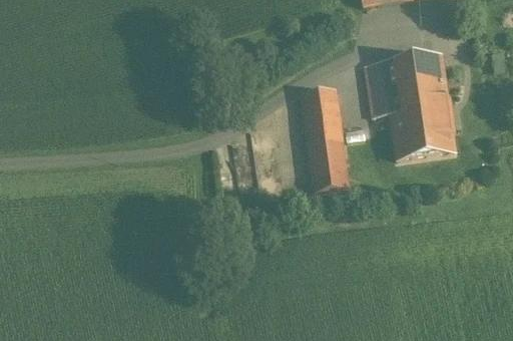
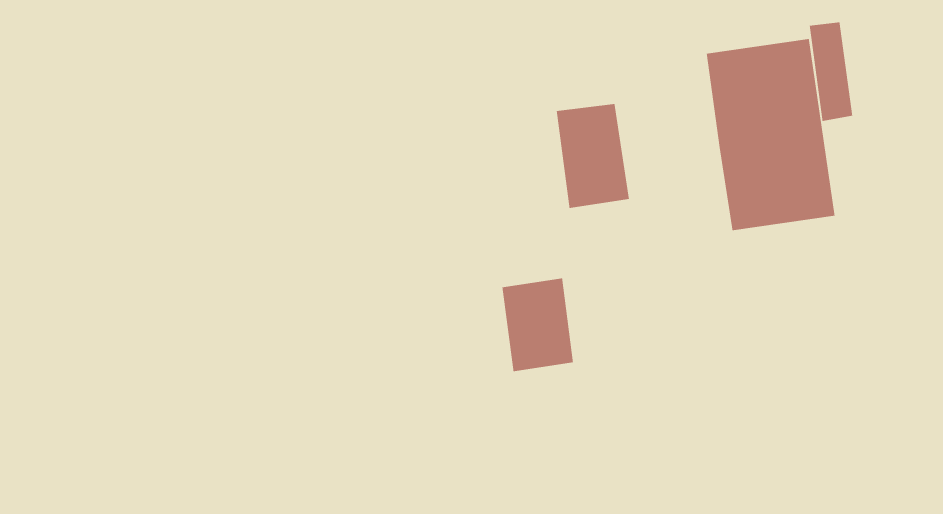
building: [367,59,391,113] -> [809,22,853,122]
building: [310,138,349,190] -> [502,278,574,372]

